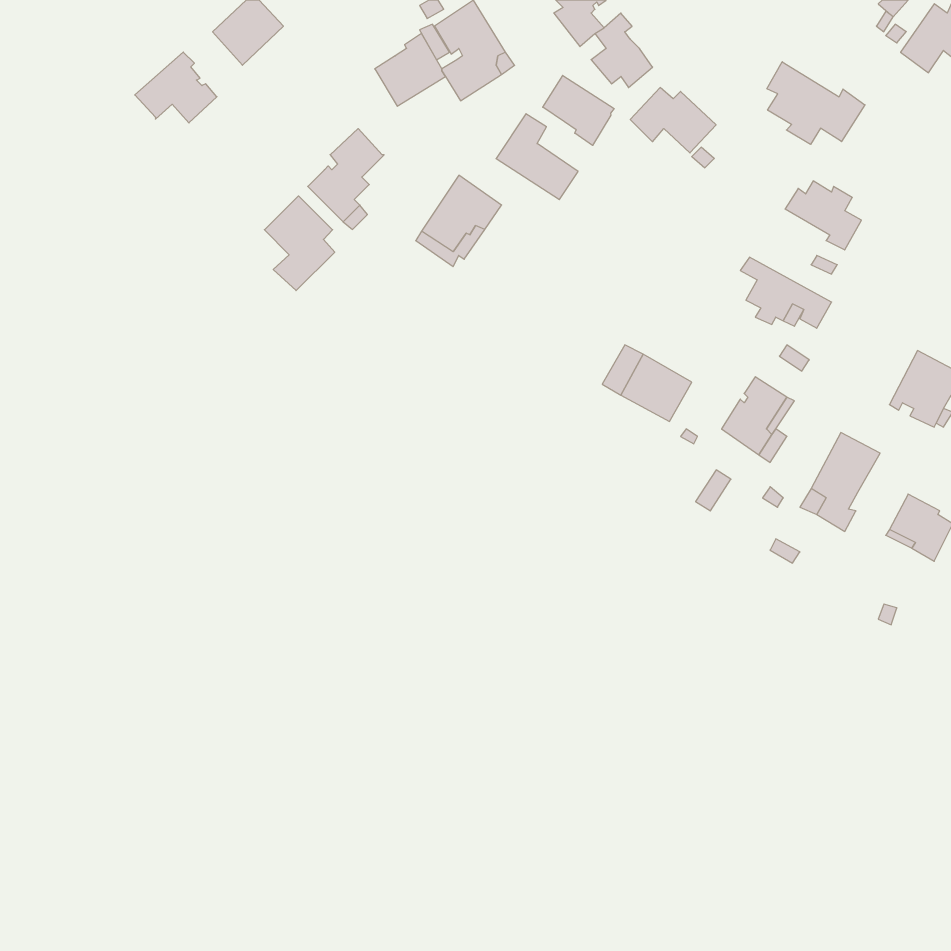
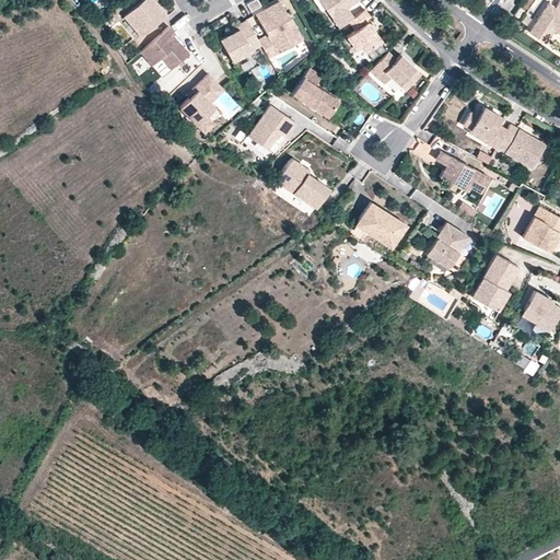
building: [135,52,217,123] -> [142,30,190,71]
building: [767,62,865,144] -> none
building: [543,75,614,145] -> none
building: [264,196,335,291] -> none
building: none -> [498,124,546,167]
building: none -> [276,159,328,208]

